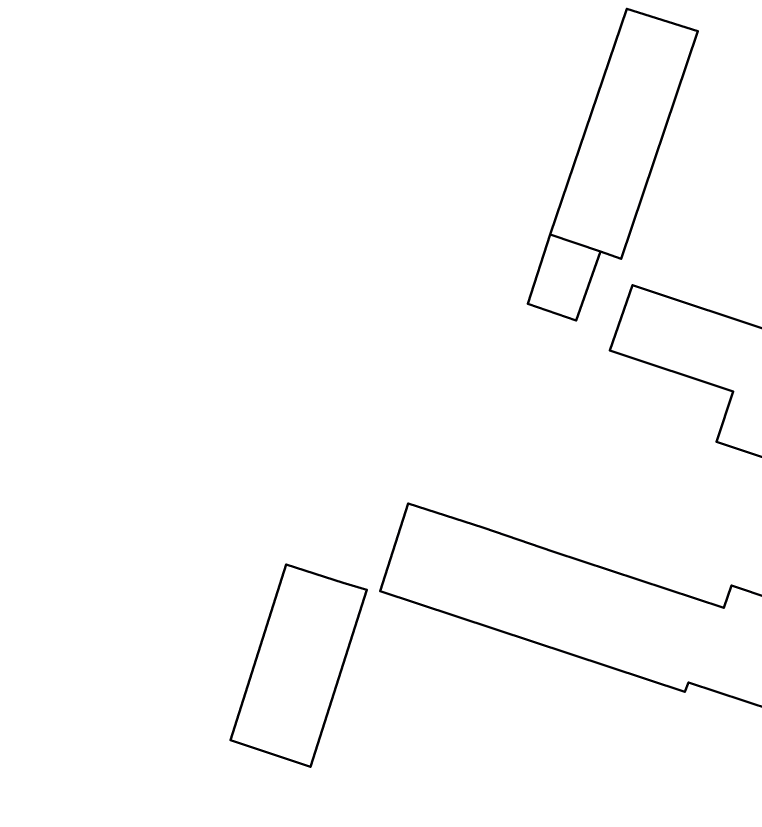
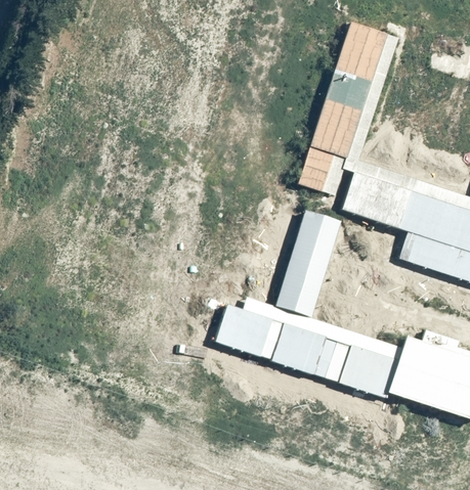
building: none -> [272,210,344,318]
building: [231,565,367,767] -> none

